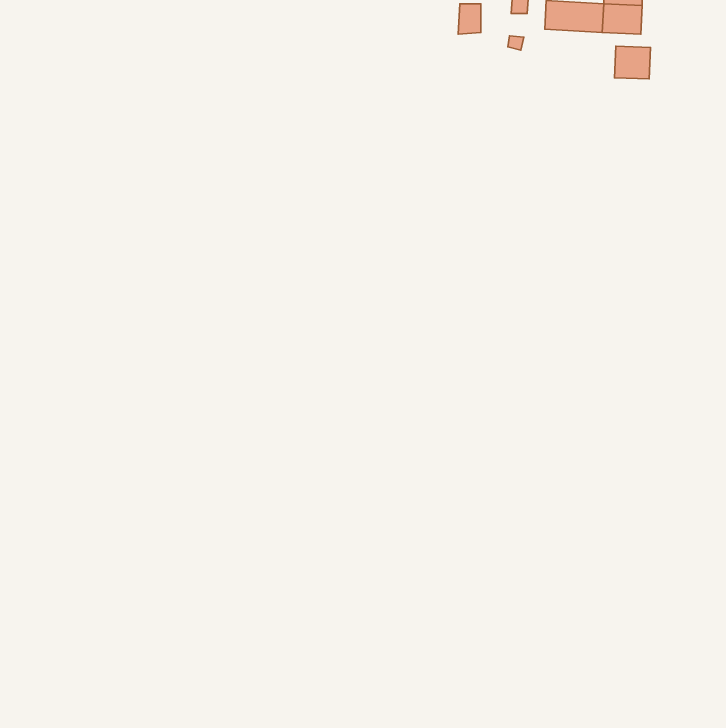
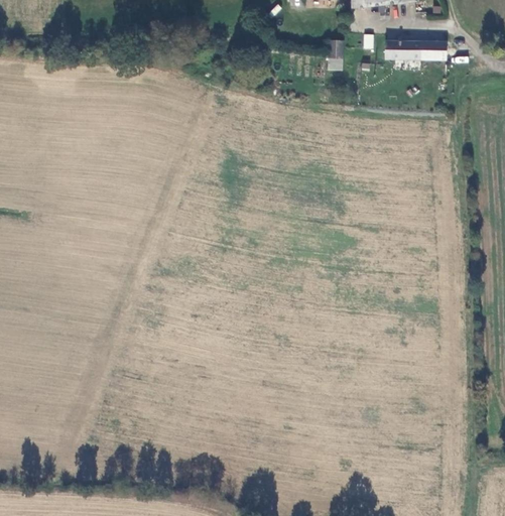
building: [615,46,650,79] -> none

